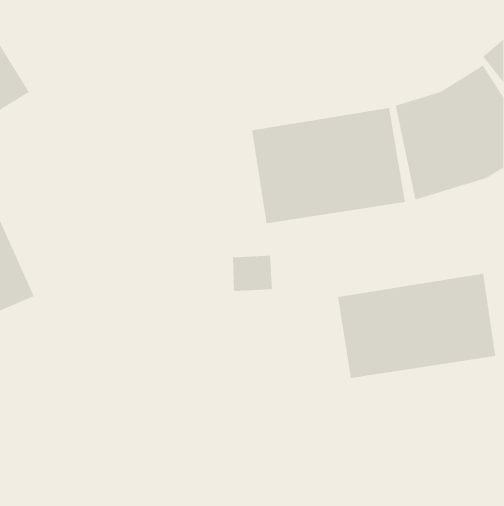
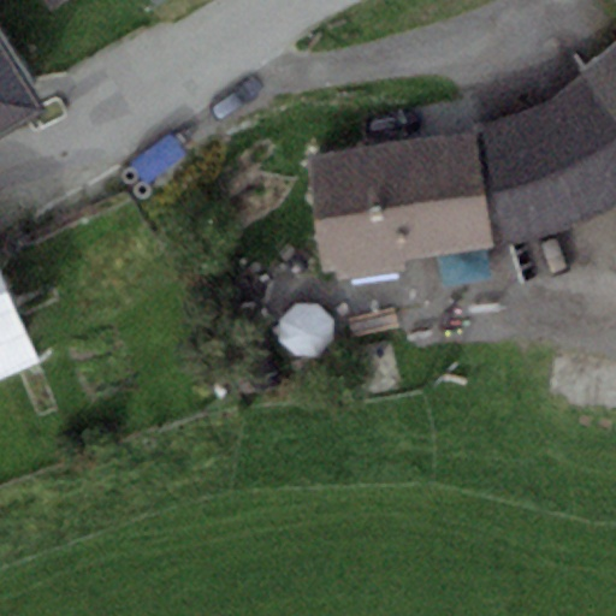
building: [337,273,496,379] -> none

